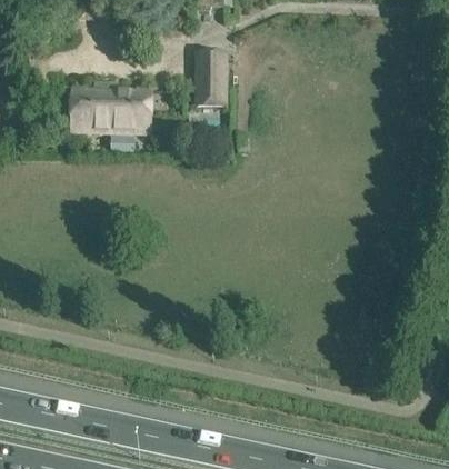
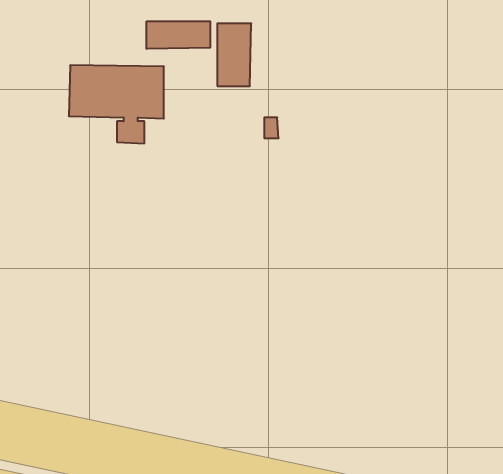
building: none -> [147,21,210,49]

